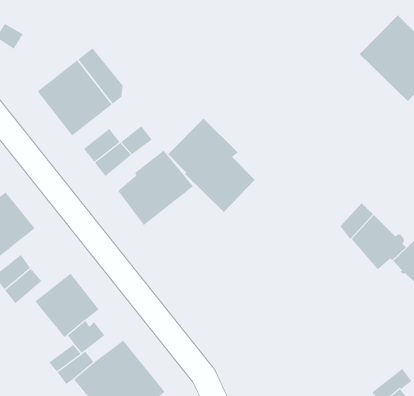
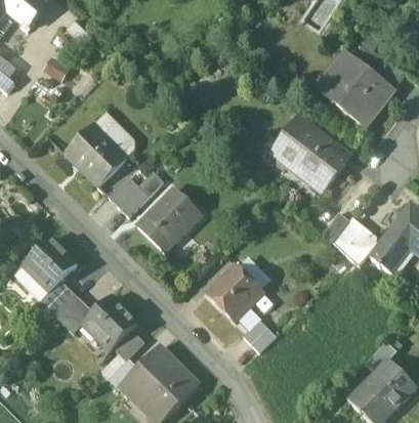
building: [167,118,256,213] -> [273,116,346,191]
building: none -> [206,262,264,321]
building: none -> [244,318,278,351]

